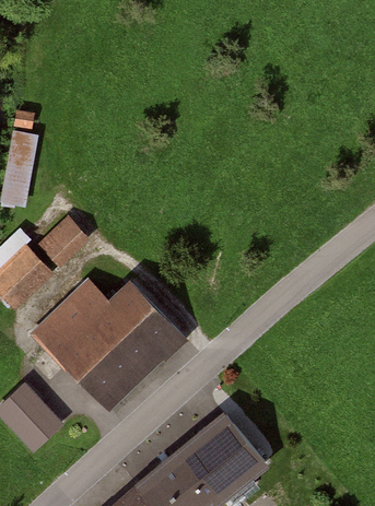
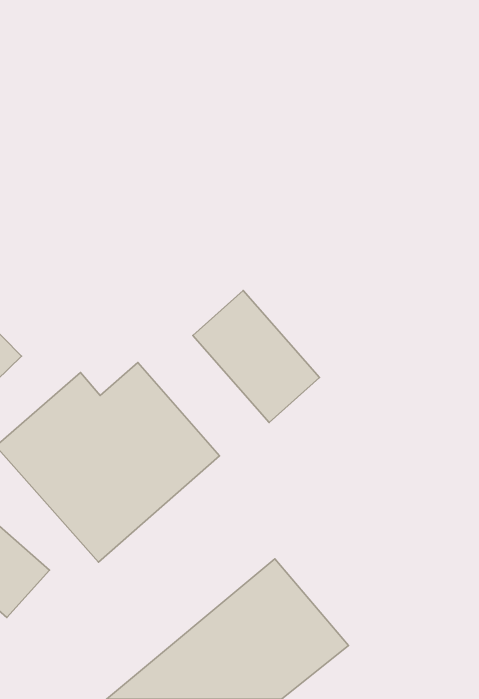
building: [43,221,89,267] -> none
building: none -> [193,291,319,422]

